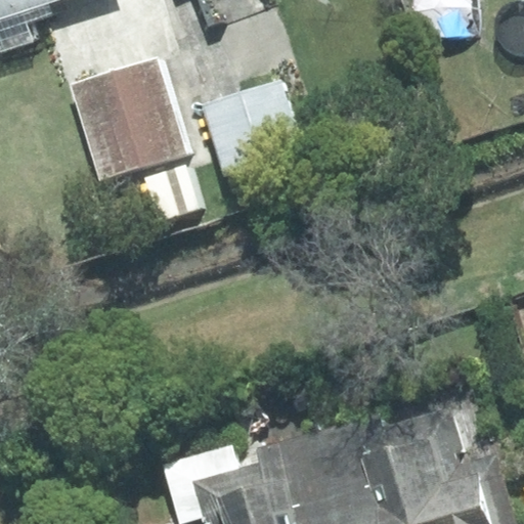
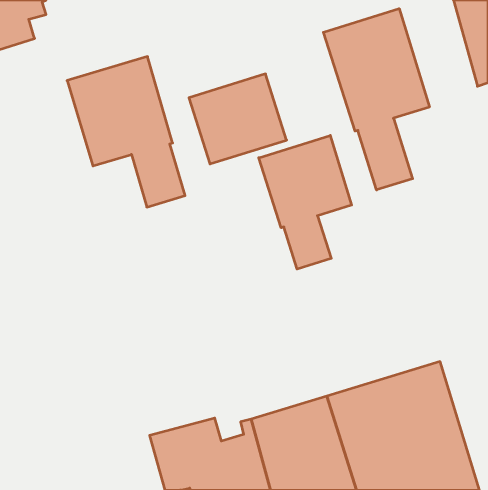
building: none -> [323,9,429,190]
building: none -> [259,135,352,269]

